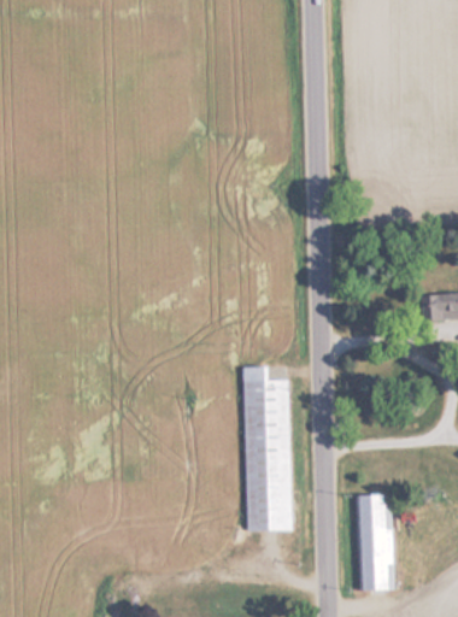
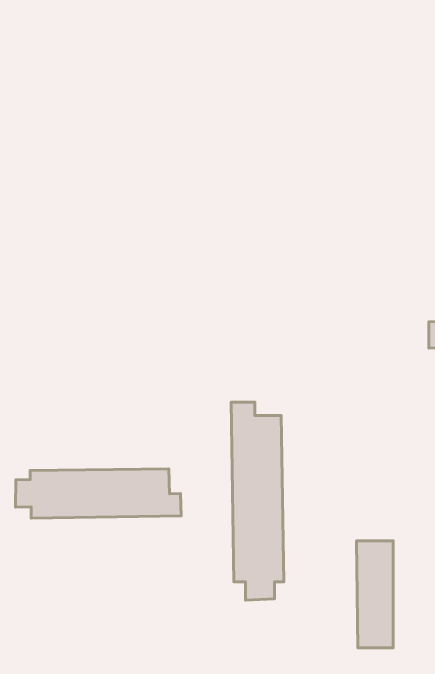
building: none -> [16,469,181,518]

